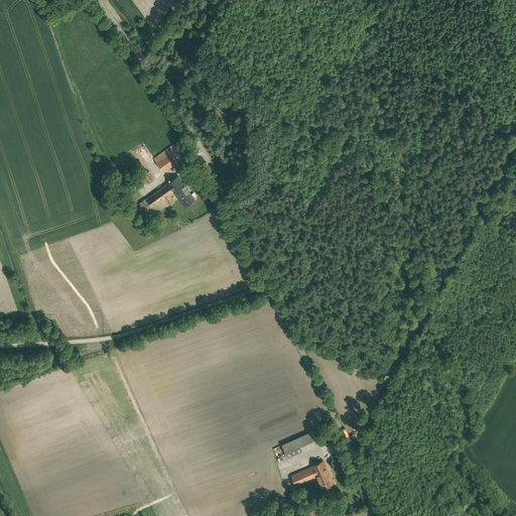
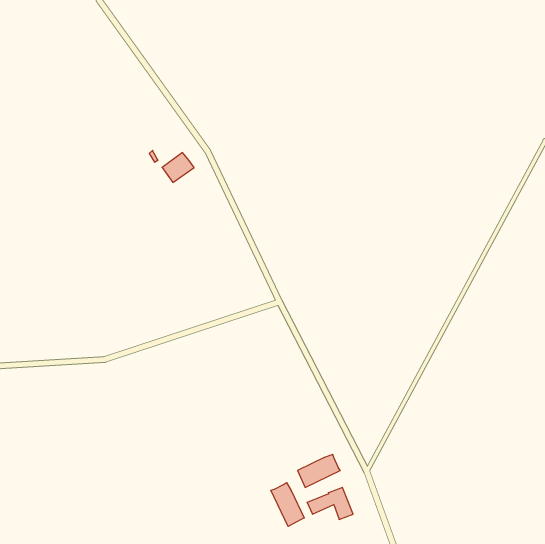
building: [147,176,195,209] -> none
building: none -> [271,483,304,526]

